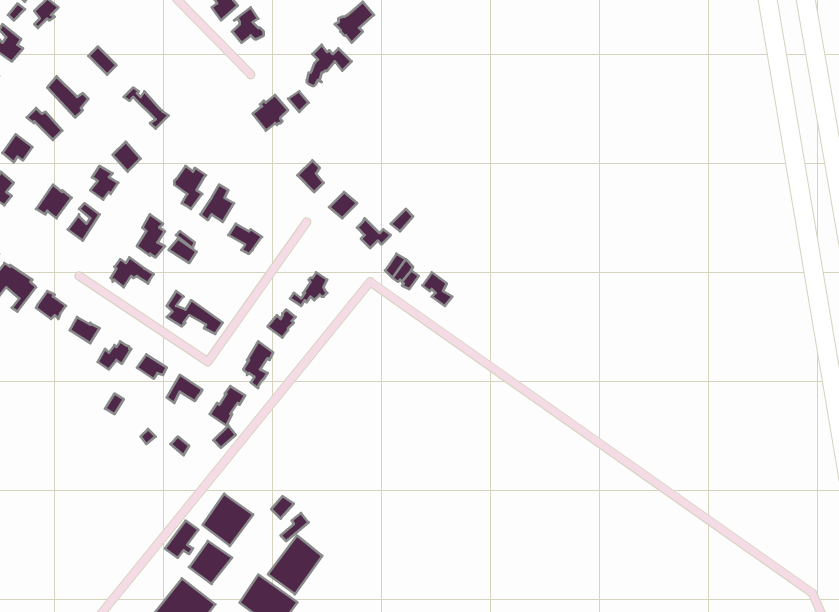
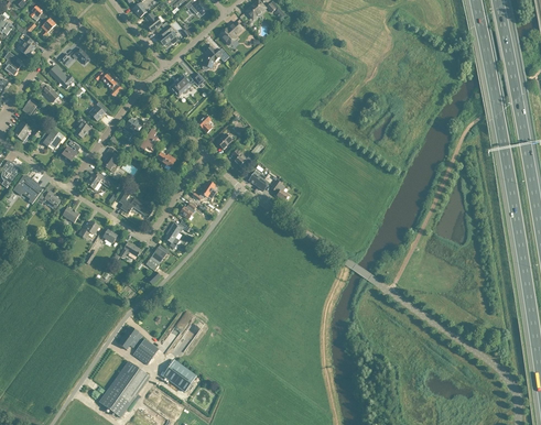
building: [203,494,253,546] -> none
building: [268,536,322,594] -> none

